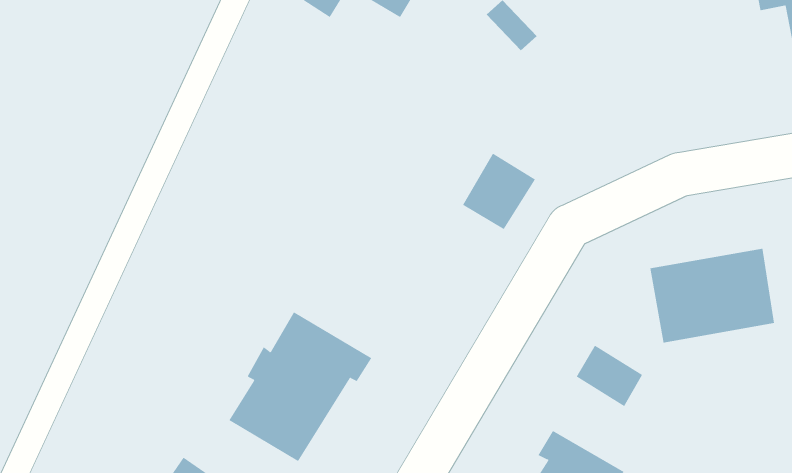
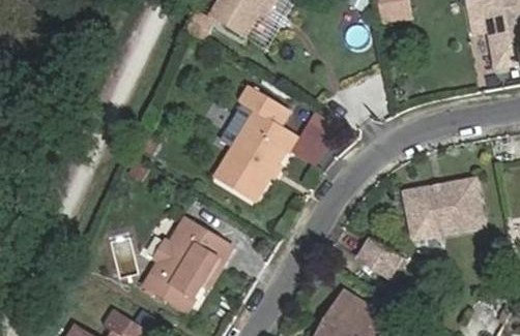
building: none -> [212,86,294,202]

